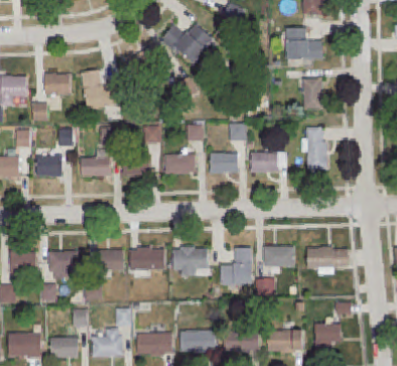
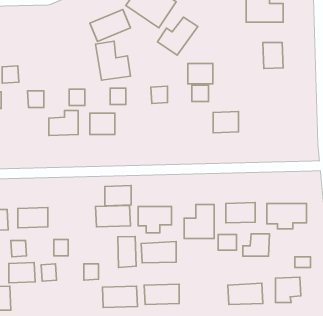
building: none -> [157,17,198,55]
building: [81,69,117,109] -> [96,41,131,80]
building: [44,73,71,93] -> none
building: [306,128,327,169] -> none
building: [210,151,236,172] -> [188,64,213,84]
building: [35,153,62,175] -> none
building: [164,153,195,172] -> none
building: [97,250,124,271] -> [105,185,131,206]
building: none -> [243,234,270,256]
building: none -> [118,237,136,268]
building: [93,328,123,357] -> none
building: [223,330,259,352] -> [141,242,176,263]
building: [51,337,79,358] -> [9,263,35,283]

